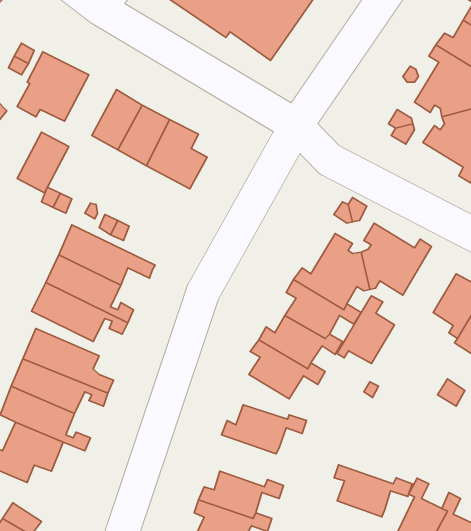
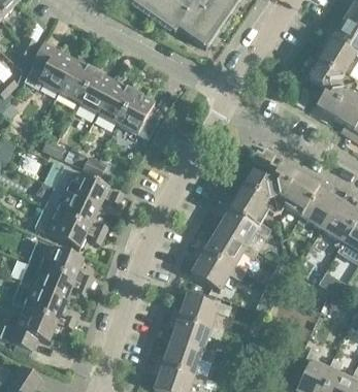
building: [17,132,69,193] -> [59,59,96,102]
building: [337,296,394,364] -> [298,181,339,229]
building: [334,465,412,517] -> [168,317,224,354]

